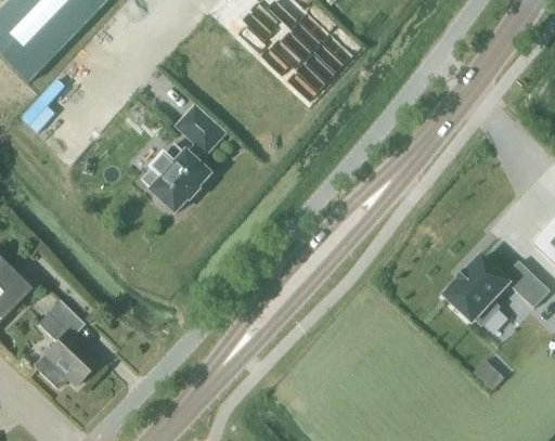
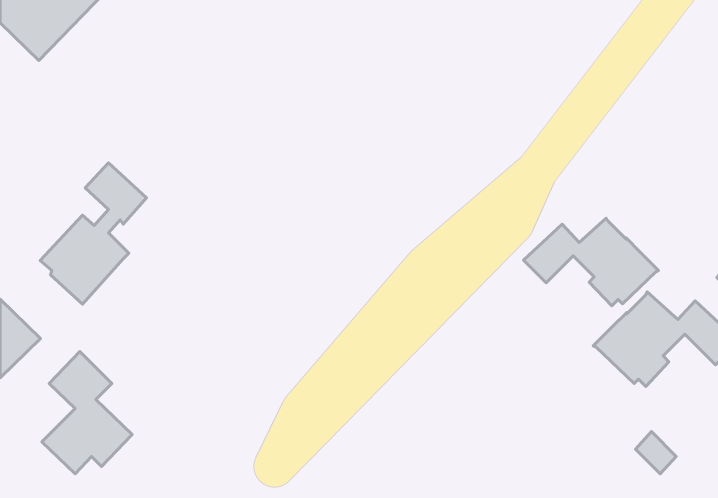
building: [144,105,223,210] -> [40,163,146,304]
building: none -> [523,218,659,306]

